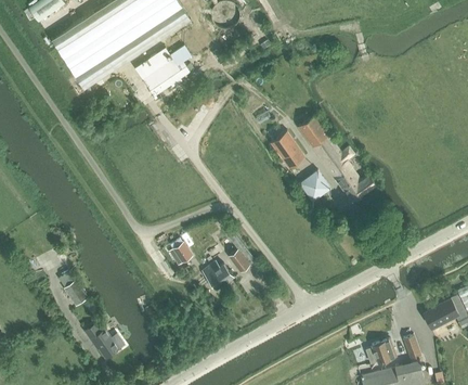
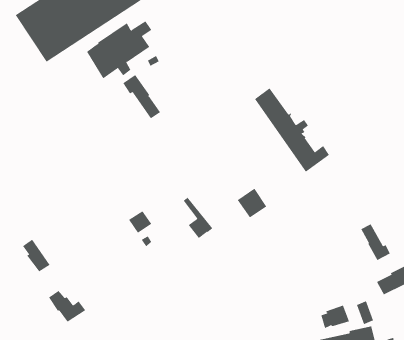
building: none -> [122,74,161,119]
building: [272,130,306,169] -> none
building: [300,168,332,200] -> [237,188,267,218]
building: none -> [361,224,391,261]
building: [203,261,233,288] -> none

